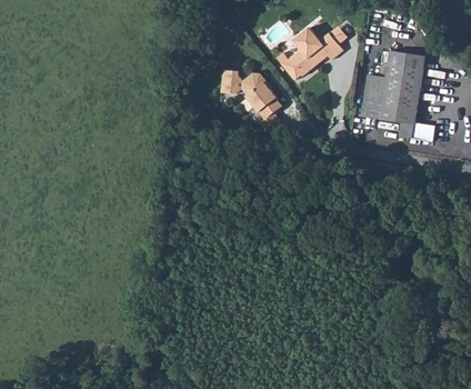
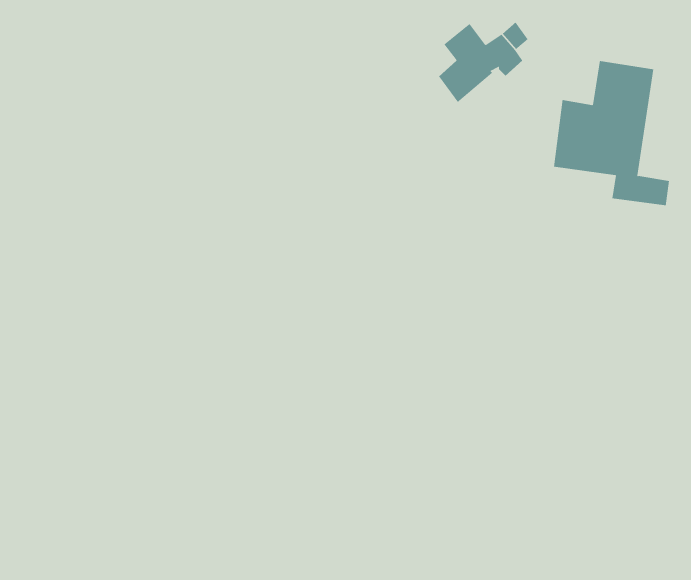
building: [221,70,282,134] -> none

